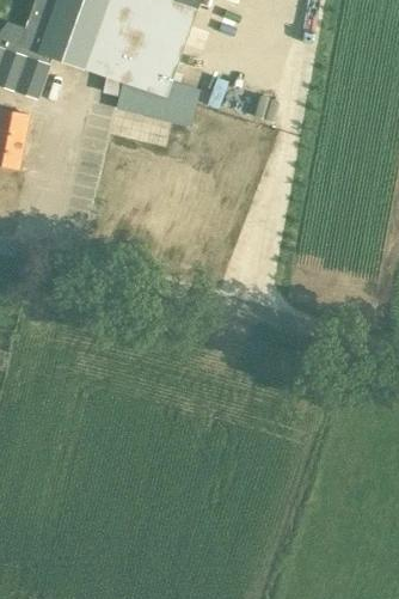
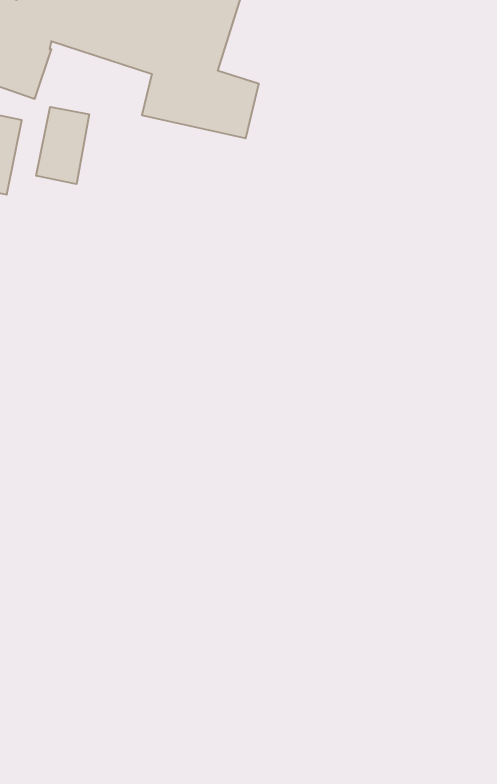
building: none -> [36,107,89,184]

